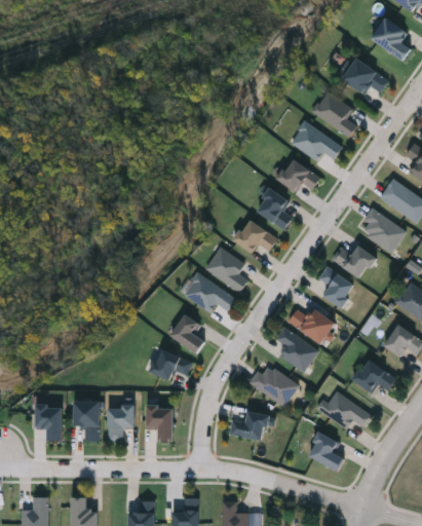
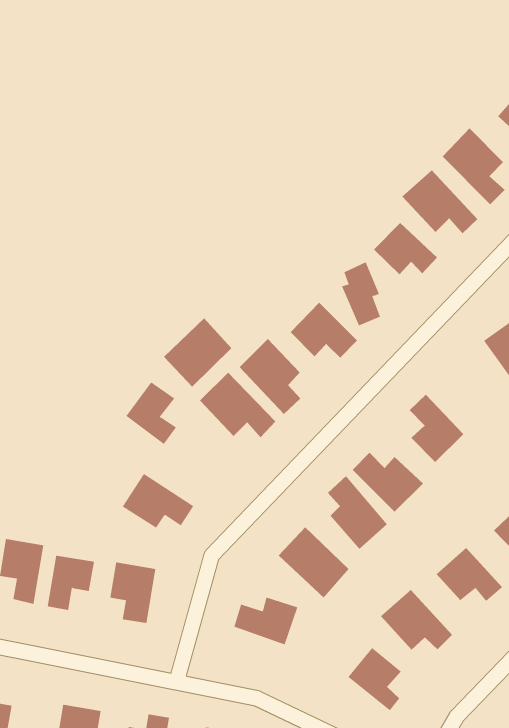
building: none -> [163,317,232,387]
building: [335,243,375,278] -> none
building: [170,313,204,352] -> [126,381,177,445]

